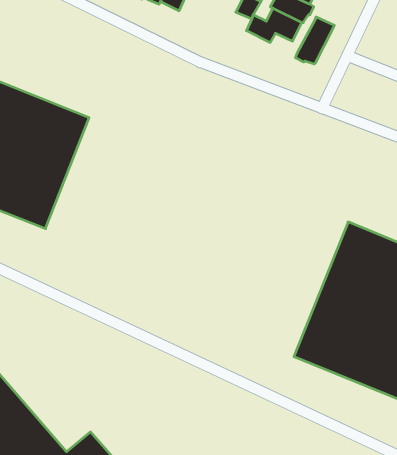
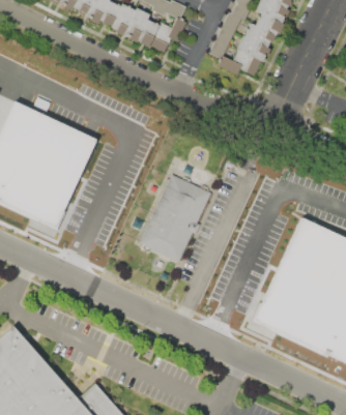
building: [296,17,334,64] -> none
building: none -> [140,174,211,261]

